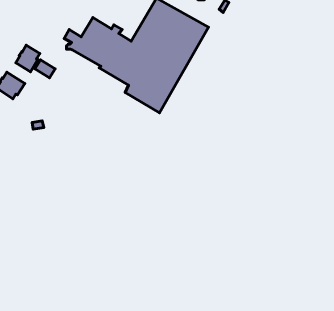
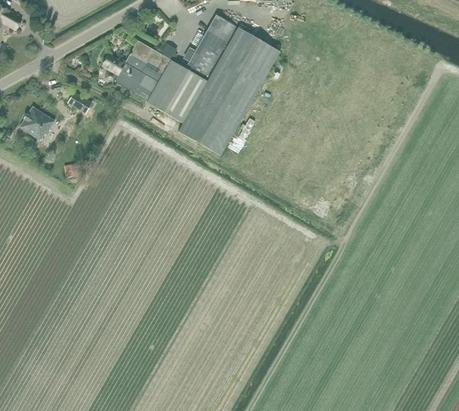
building: [16,45,40,72] -> none

